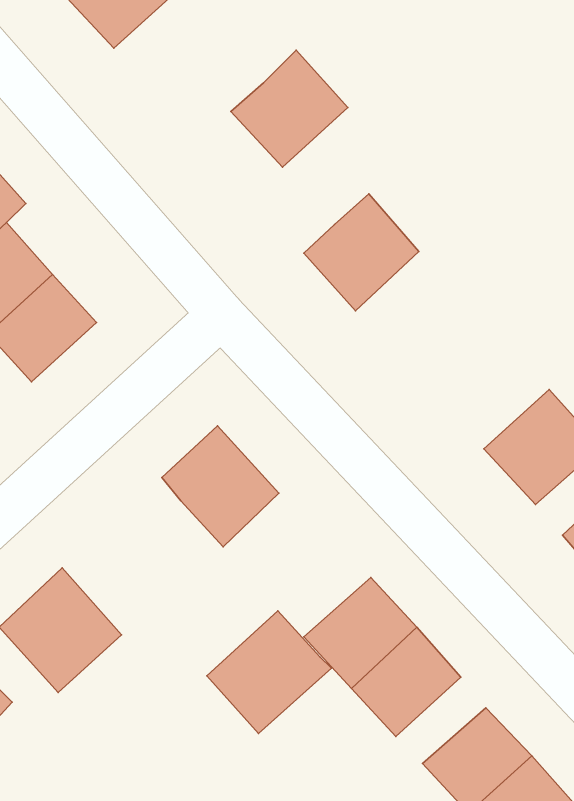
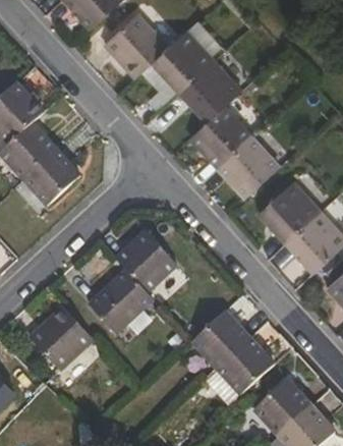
building: none -> [103,12,169,77]
building: none -> [179,60,241,122]
building: none -> [218,136,279,199]
building: none -> [259,180,321,241]
building: [207,611,331,733] -> [88,269,154,334]

